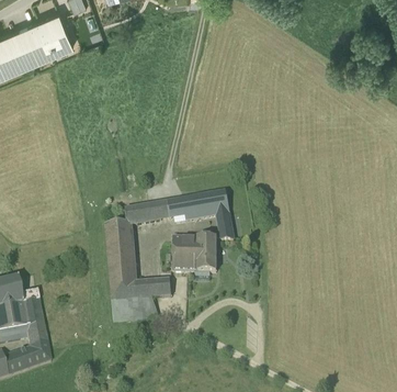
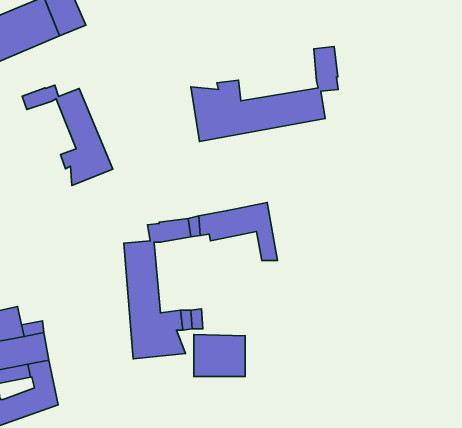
building: none -> [191,47,338,141]
building: none -> [22,85,113,186]
building: [173,237,216,272] -> [194,334,245,376]

